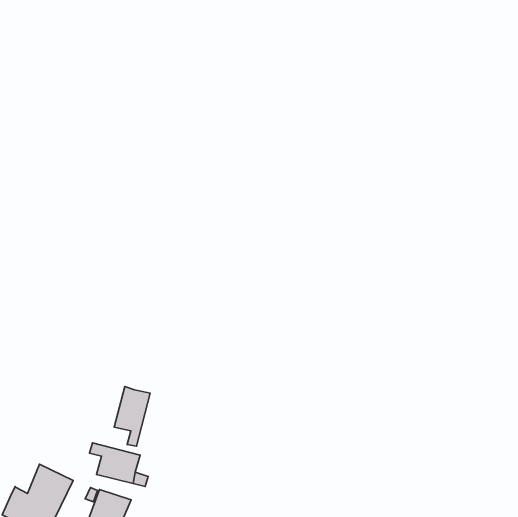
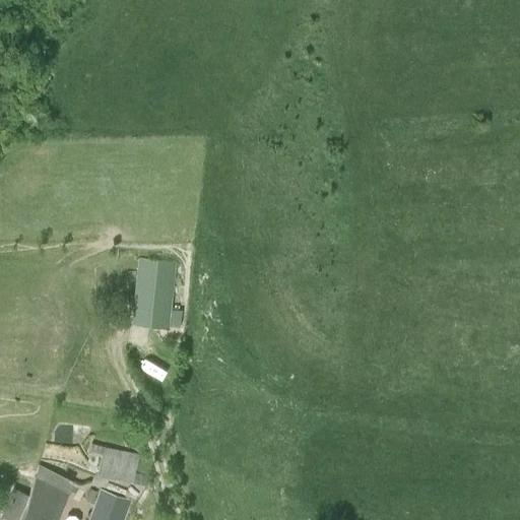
building: none -> [132,260,178,329]
building: [114,386,150,446] -> none

